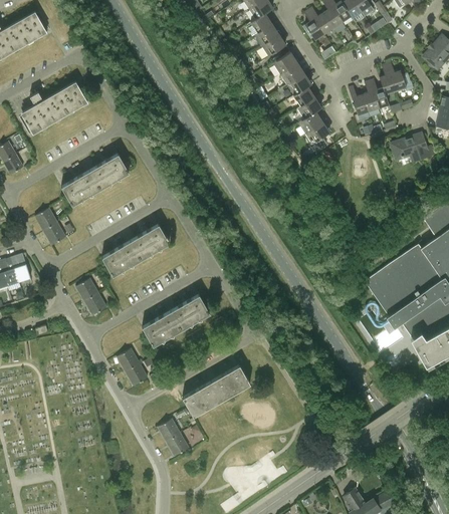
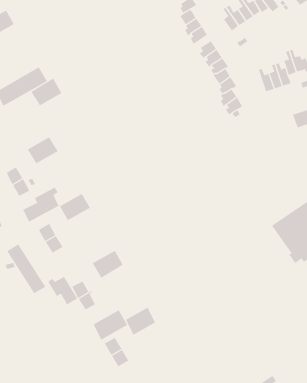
building: [90,154,130,189] -> [31,78,62,106]
building: [131,225,170,259] -> none
building: none -> [23,187,59,222]
building: [172,295,210,329] -> none
building: none -> [7,244,46,294]
building: none -> [47,276,78,305]
building: [212,365,250,401] -> none
building: none -> [93,310,128,340]

